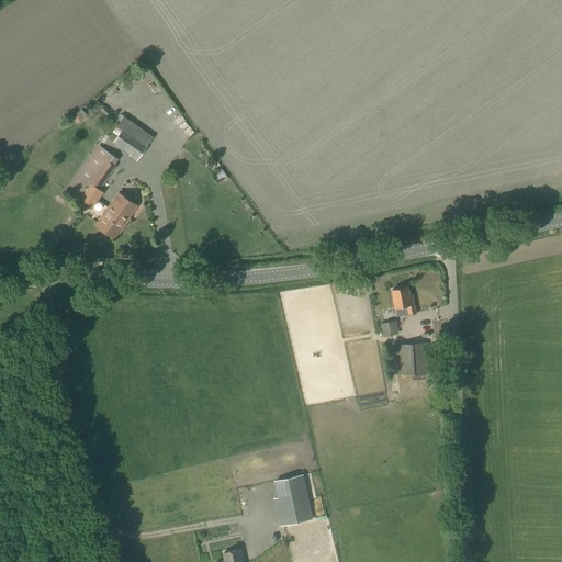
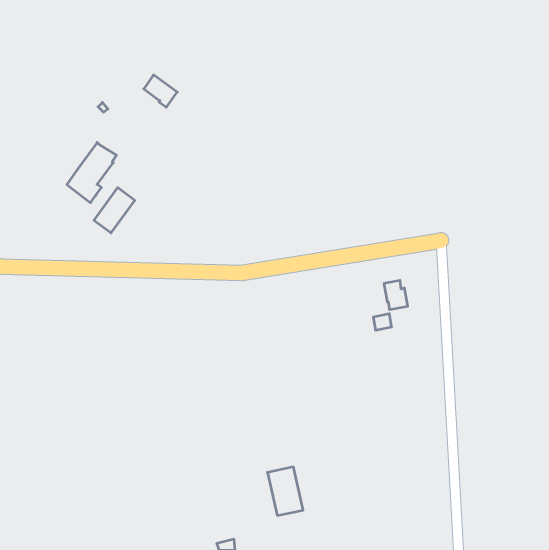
building: [115,127,149,160] -> [144,75,177,107]
building: [396,333,430,374] -> none

